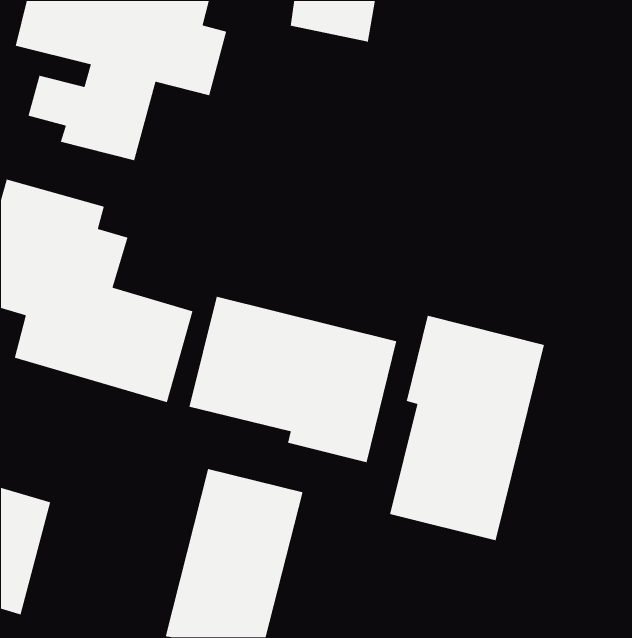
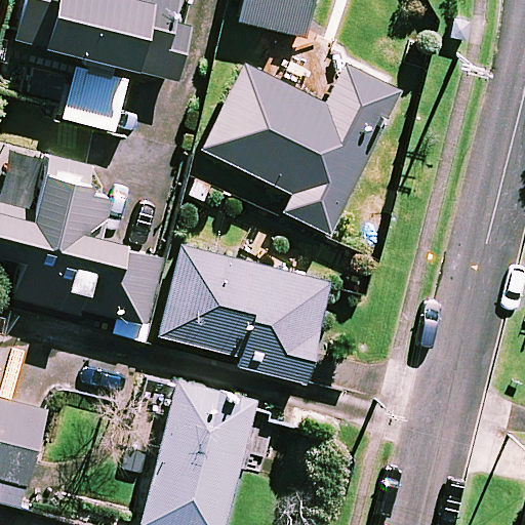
building: none -> [203,58,400,233]
building: [389,315,545,541] -> none

